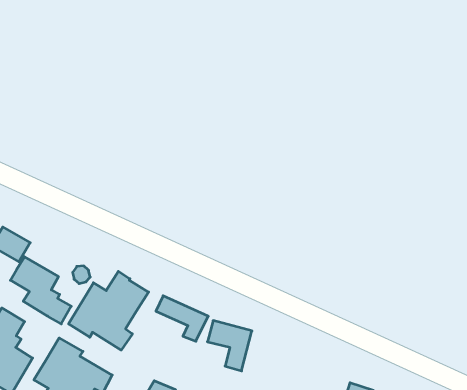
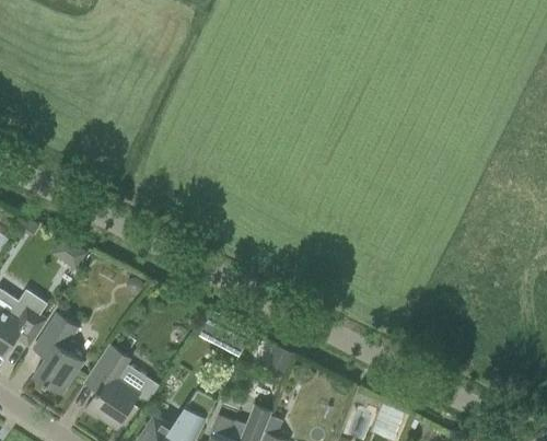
building: [10,257,71,324] -> none
building: [69,271,149,350] -> none

